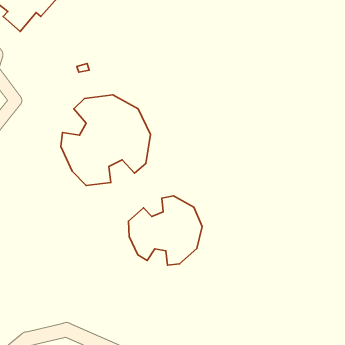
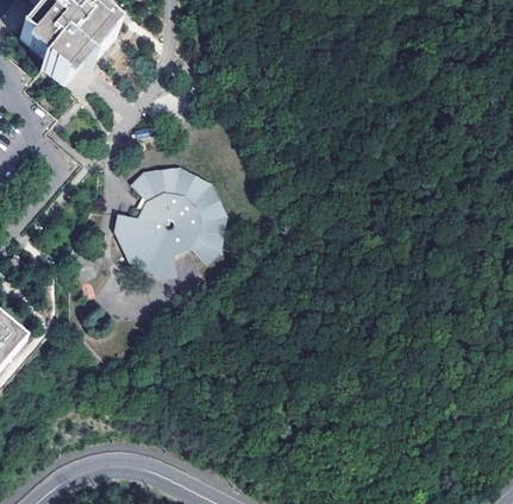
building: [128,196,202,265] -> none

